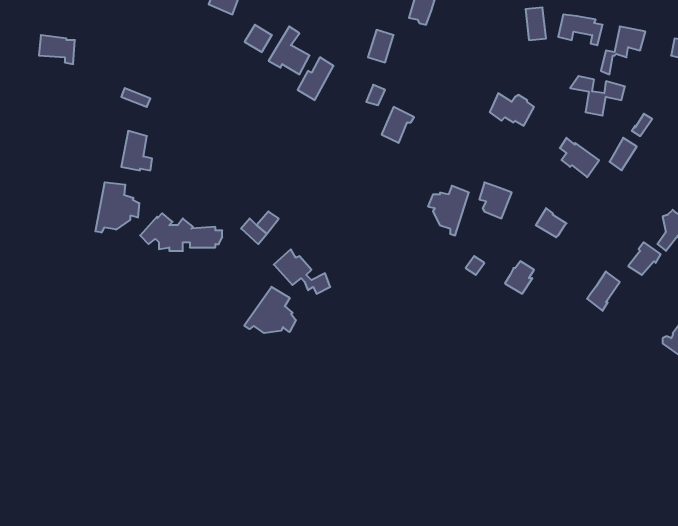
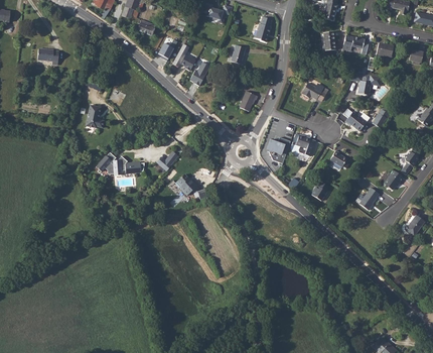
building: [95,182,139,233] -> none
building: [244,287,296,333] -> none

